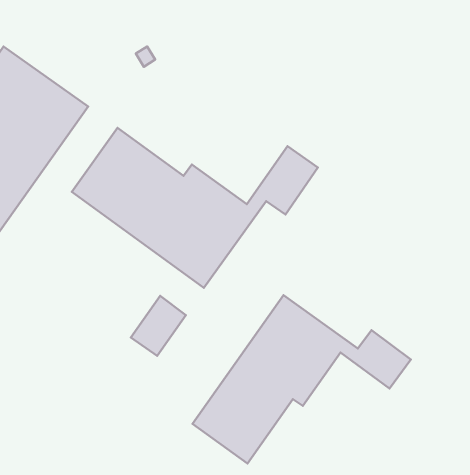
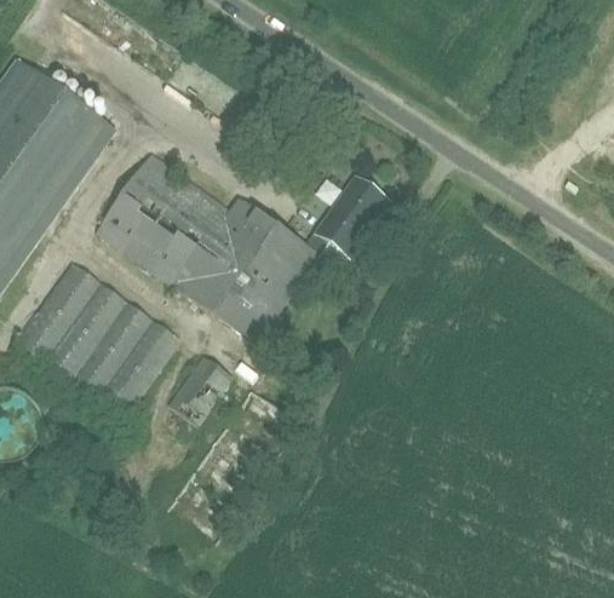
building: none -> [18,264,178,418]
building: [193,295,411,463] -> none

